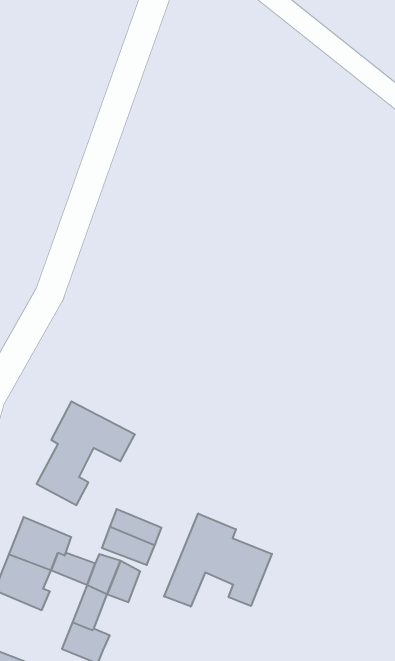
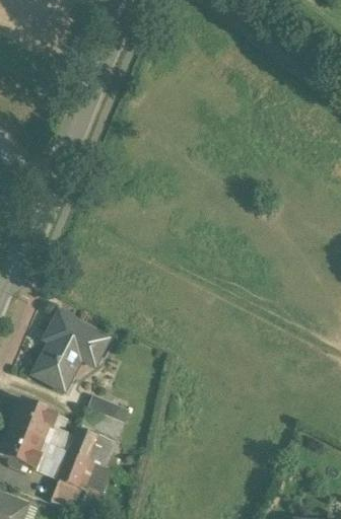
building: [164,513,272,607] -> none
building: none -> [39,441,73,480]
building: none -> [78,459,111,506]

